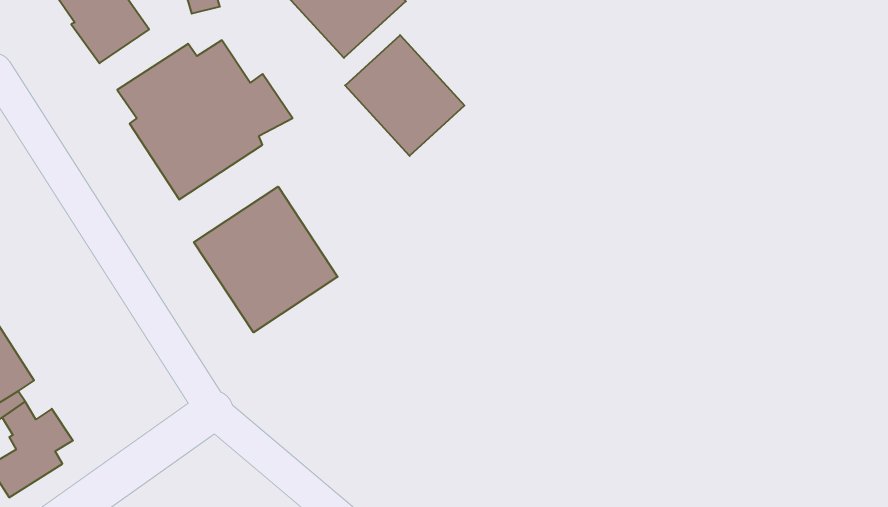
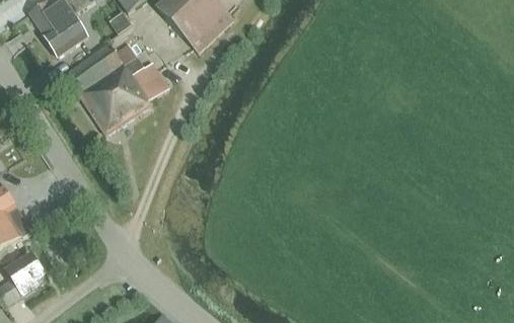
building: [345,35,464,156] -> none
building: [194,187,338,332] -> none

